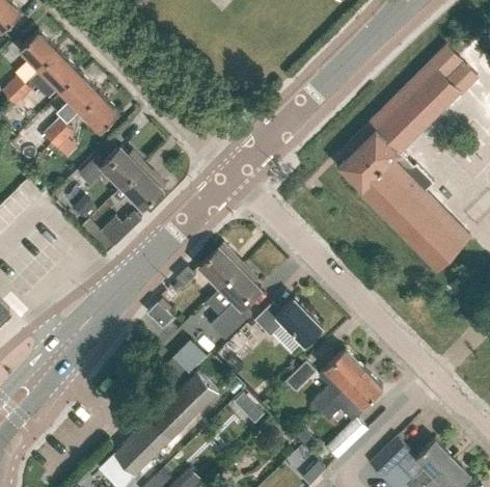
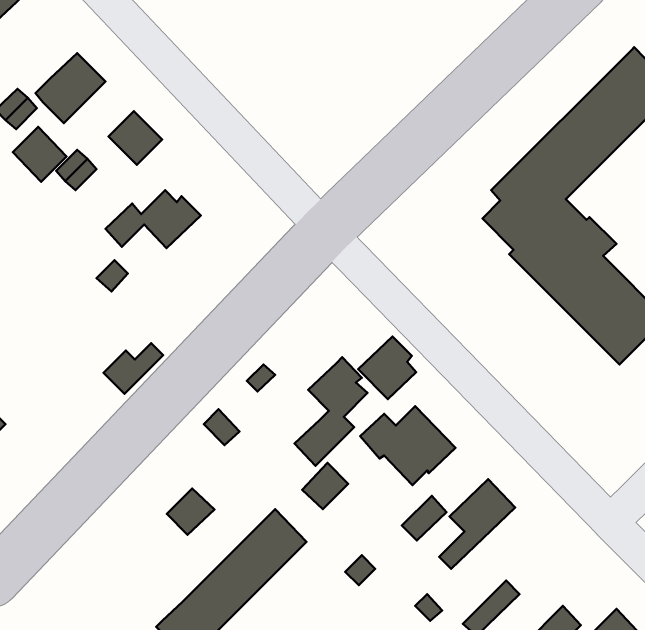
building: [20,32,58,71] -> none
building: [60,73,98,111] -> [13,127,66,182]
building: [120,166,165,211] -> none
building: [99,212,140,247] -> [104,343,163,394]
building: [198,244,239,288] -> [358,336,416,399]
building: [172,342,206,374] -> [167,489,214,535]
building: [319,370,382,422] -> none

